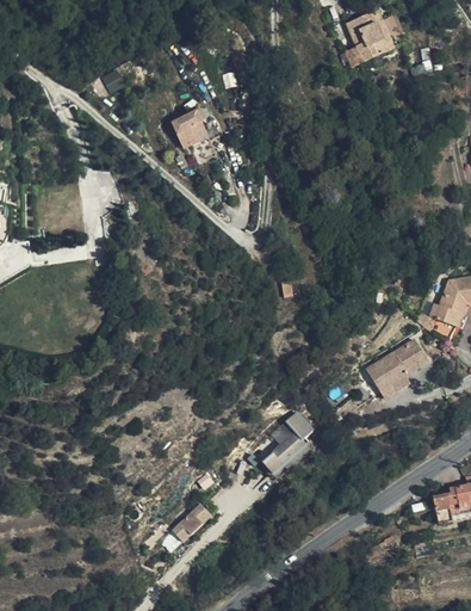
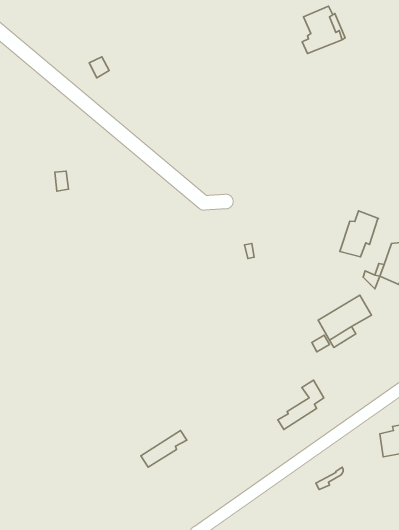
building: [174,111,218,148] -> none
building: none -> [340,211,379,257]
building: [260,416,312,473] -> [278,380,324,429]

